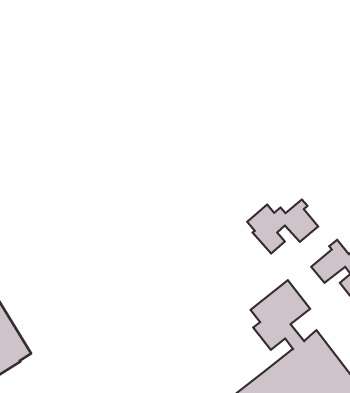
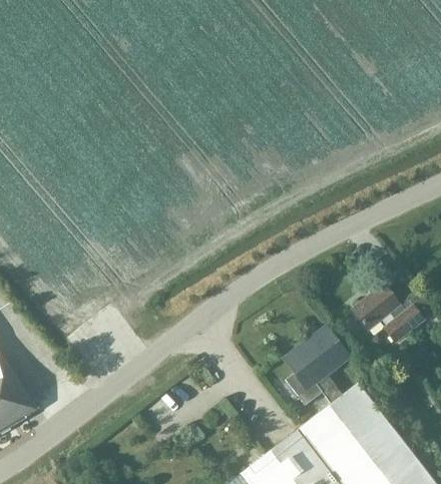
building: [247,199,318,254] -> none

